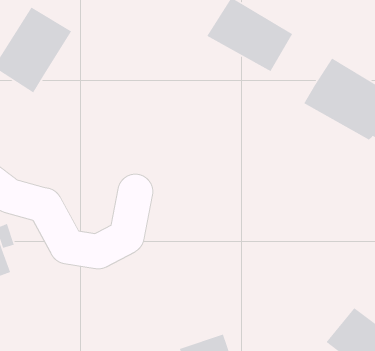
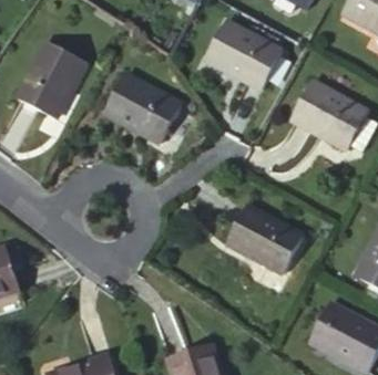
building: none -> [101,63,180,132]
building: none -> [229,201,305,267]

